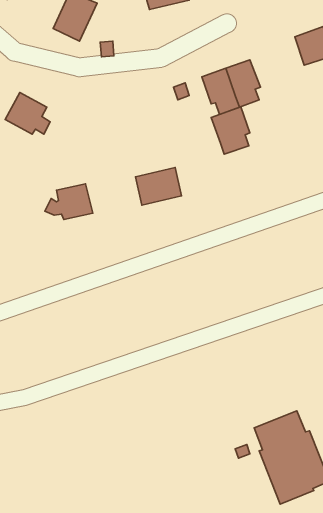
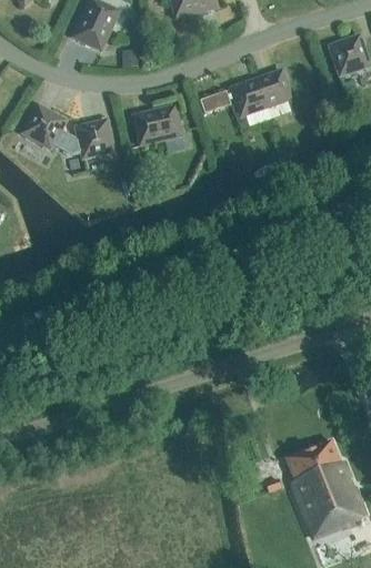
building: [211,107,250,154] -> none
building: [136,168,182,205] -> [132,105,181,145]
building: [45,184,93,220] -> [62,120,113,158]

